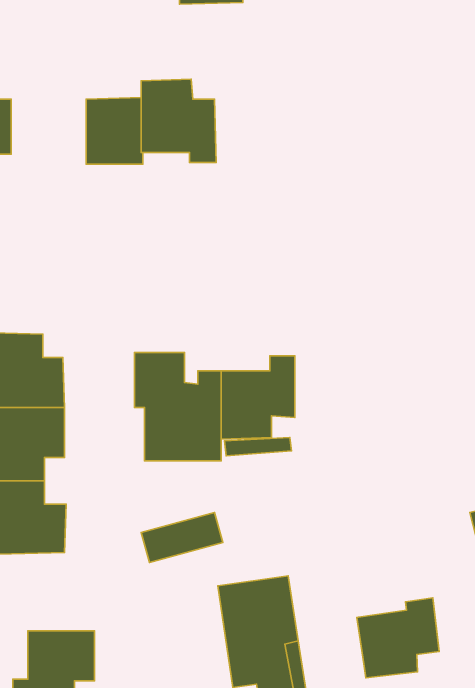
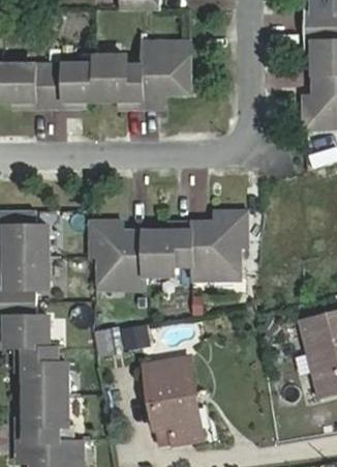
building: none -> [141,39,189,104]
building: none -> [14,64,61,106]
building: none -> [190,212,244,280]
building: none -> [16,347,66,395]
building: [357,598,439,678] -> none

